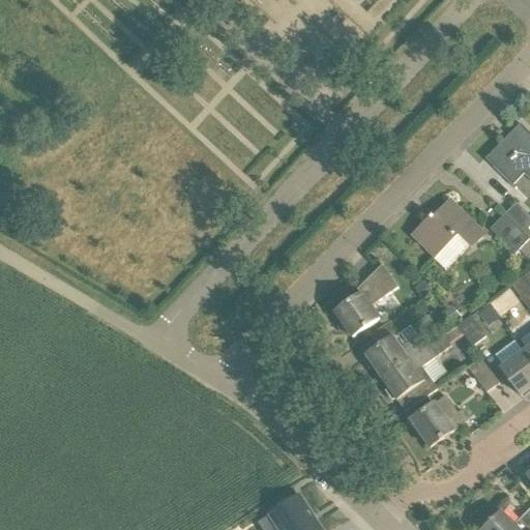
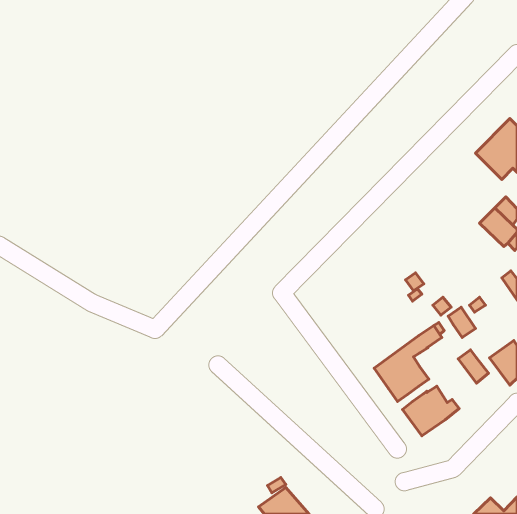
building: [411,198,487,267] -> none
building: [335,268,391,335] -> none
building: [364,319,428,376] -> none

